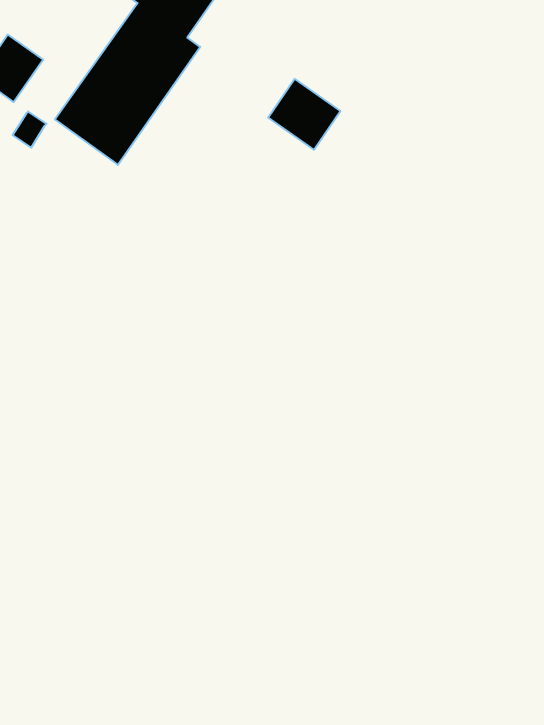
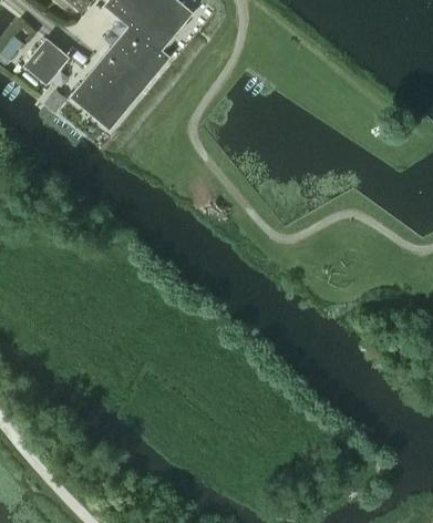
building: [268,79,340,150] -> none

